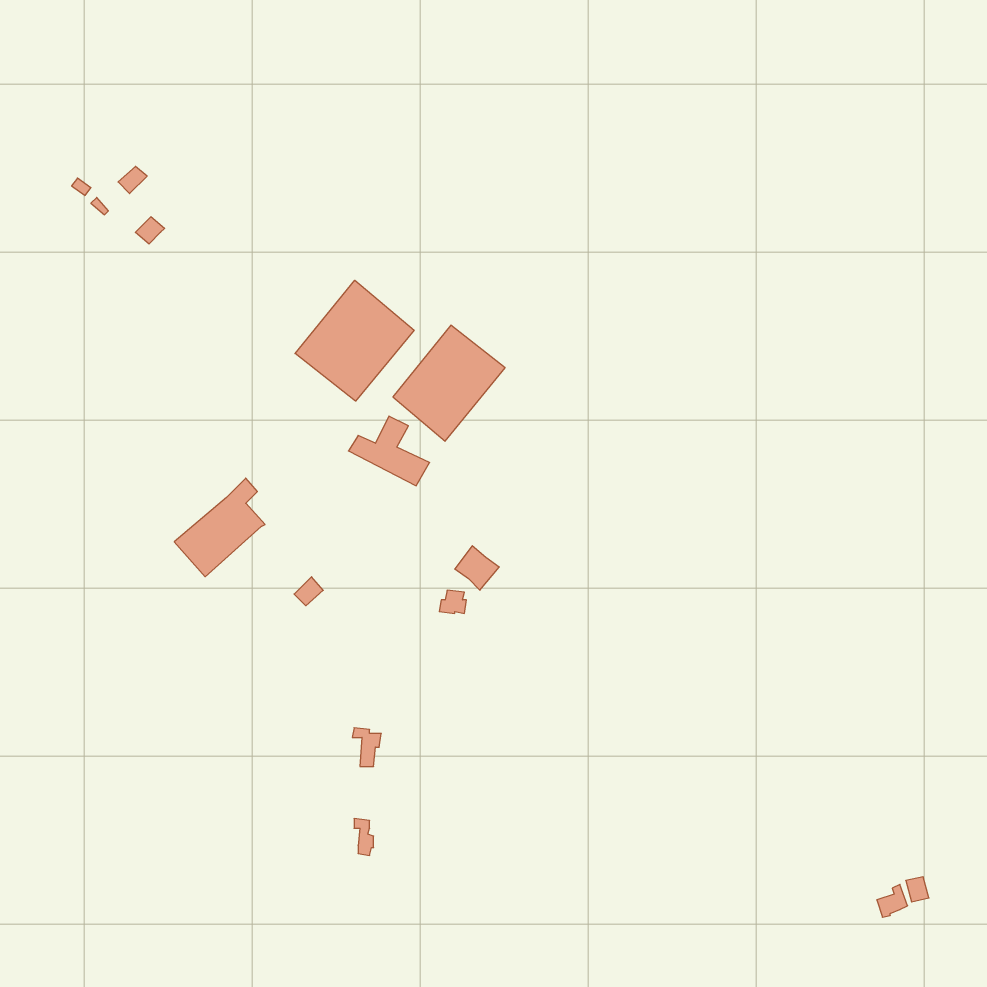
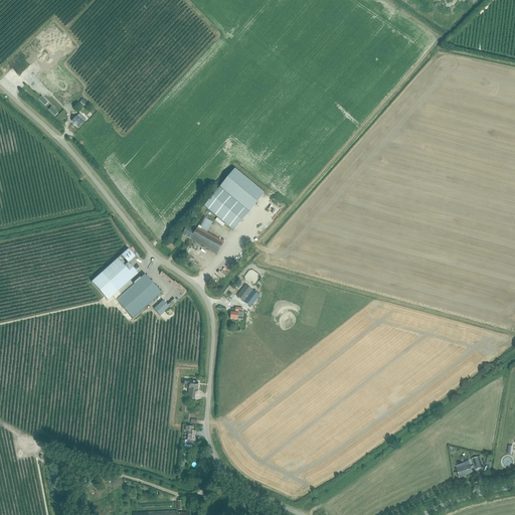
building: [295,280,414,401] -> none
building: none -> [116,275,160,318]

